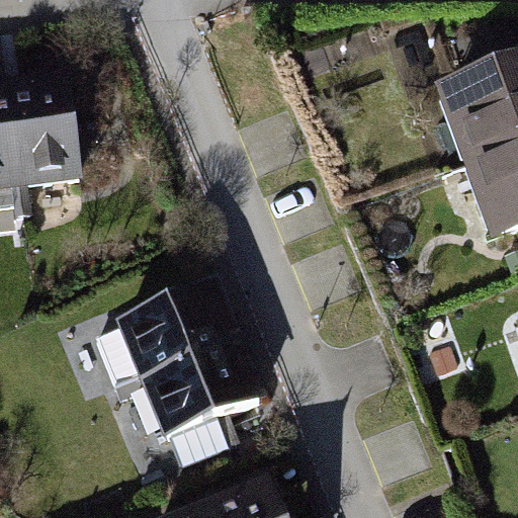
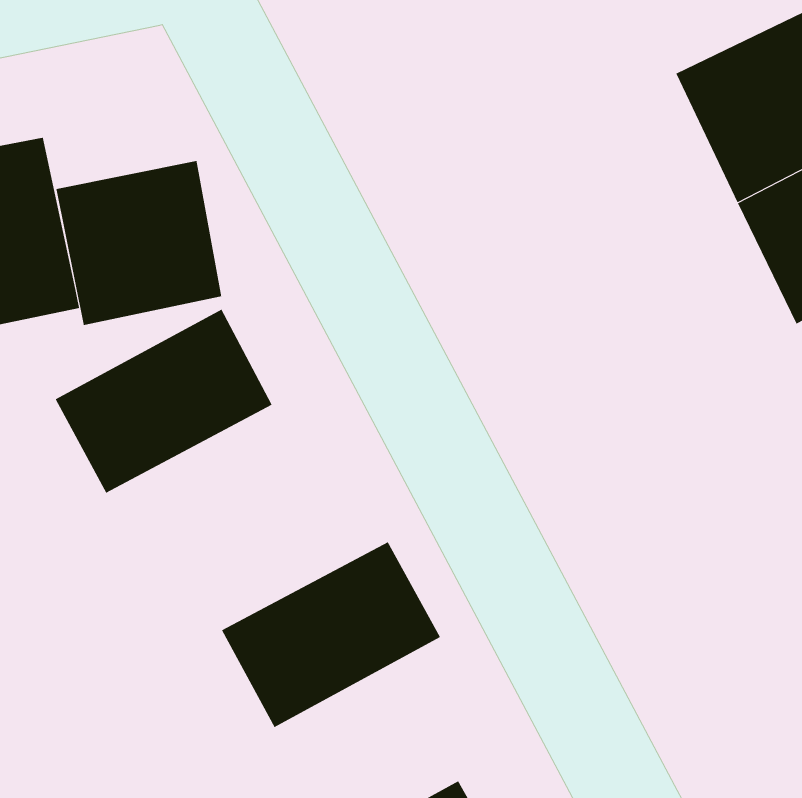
building: none -> [56,160,222,326]
building: [115,281,241,380] -> [55,309,273,493]

